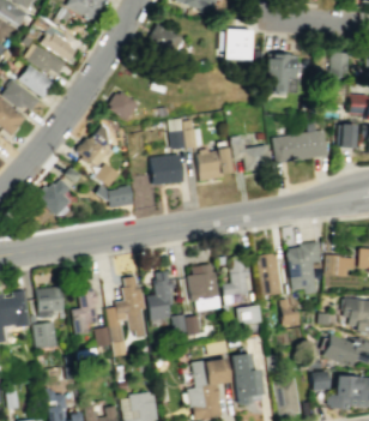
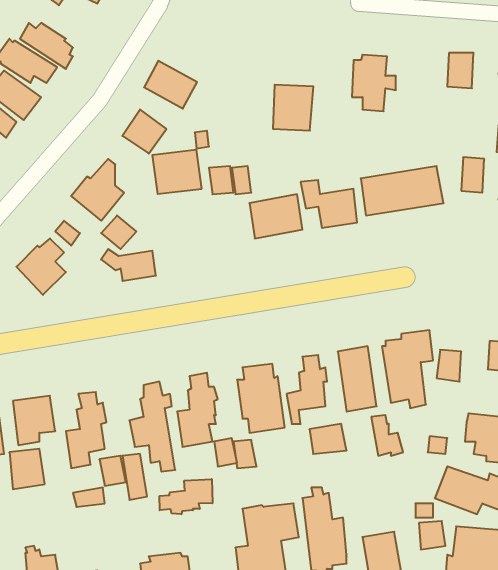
building: [147,24,183,56] -> [144,61,197,109]
building: [224,29,252,60] -> [273,85,313,131]
building: [151,155,184,185] -> [152,150,202,194]
building: none -> [160,479,212,514]

